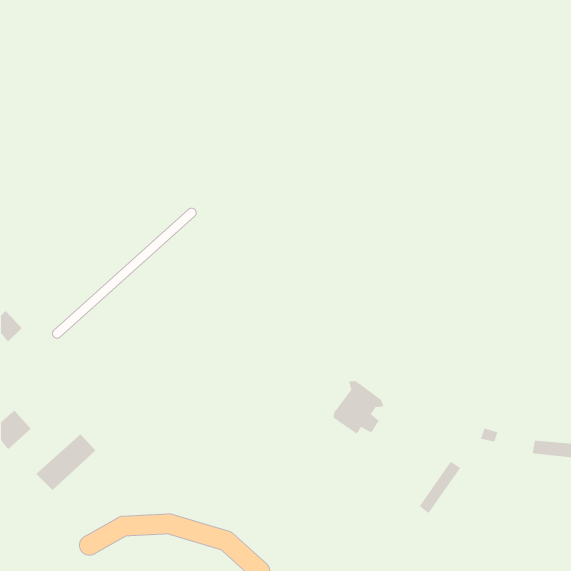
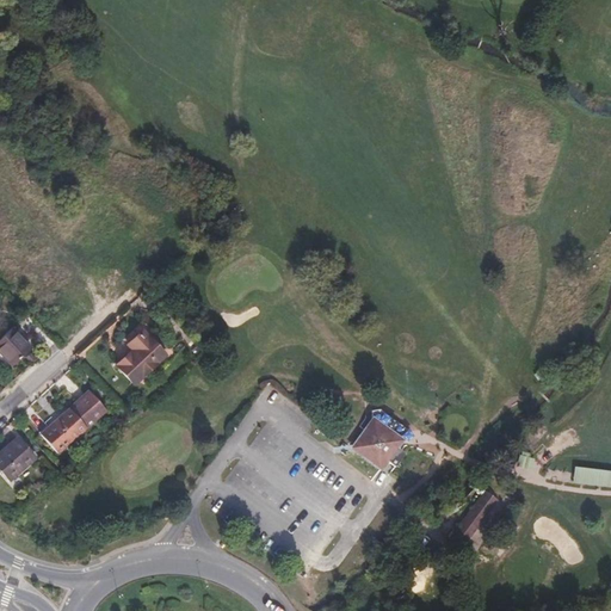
building: none -> [117,329,160,382]
building: [36,434,96,491] -> [41,391,105,452]

